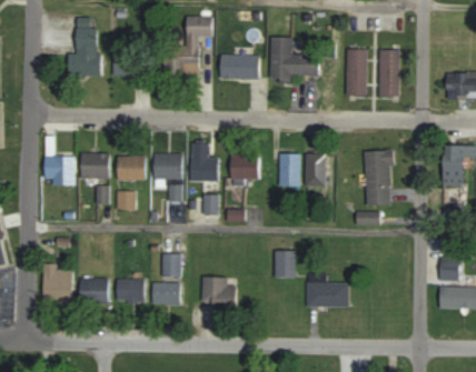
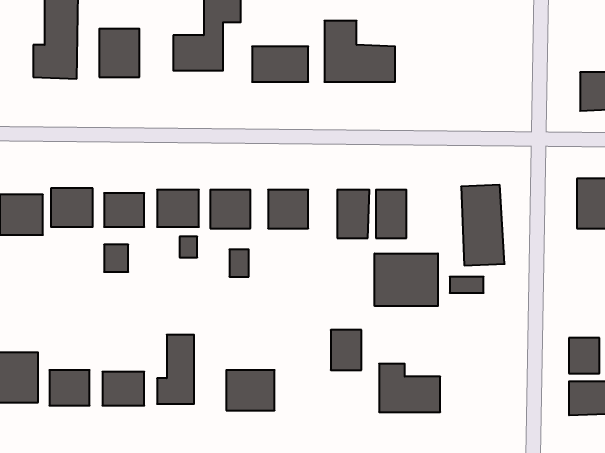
building: [346,49,366,95] -> none
building: [378,50,398,95] -> none
building: none -> [375,253,438,306]

